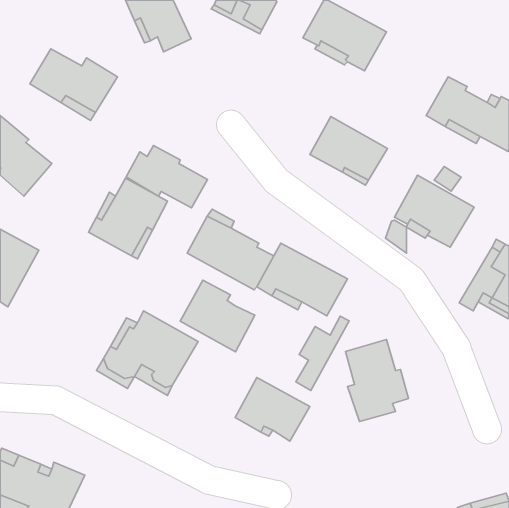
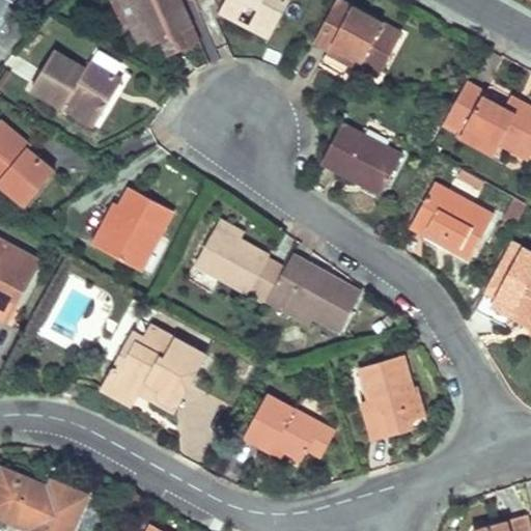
building: [126,145,207,208] -> none
building: [180,280,255,352] -> none
building: [296,316,349,391] -> none

